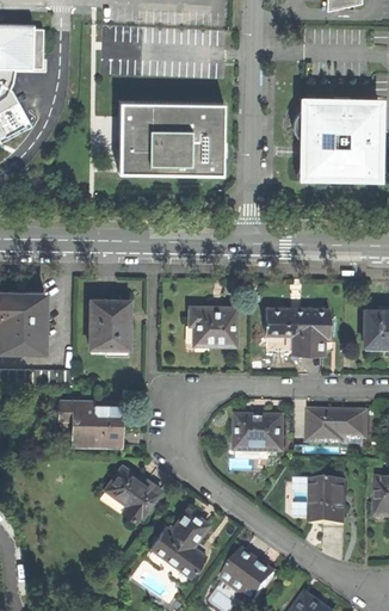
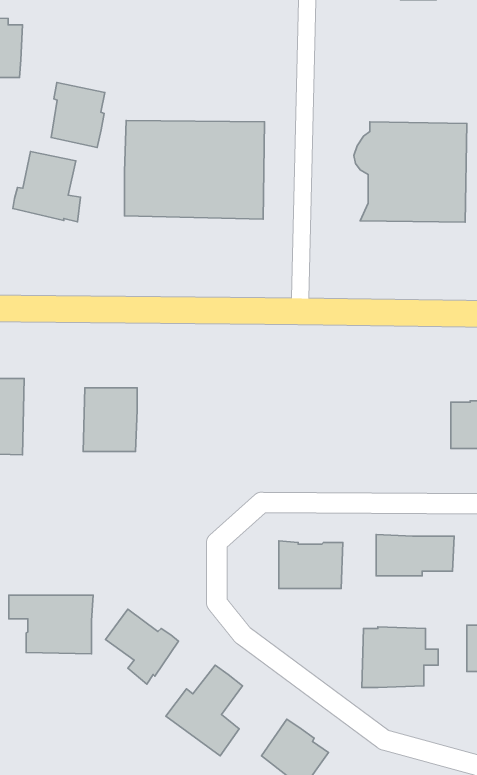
building: none -> [51,82,105,147]
building: none -> [13,152,81,222]
building: [190,308,237,346] -> none
building: [265,308,331,352] -> none
building: [60,401,123,445] -> [9,595,93,654]

